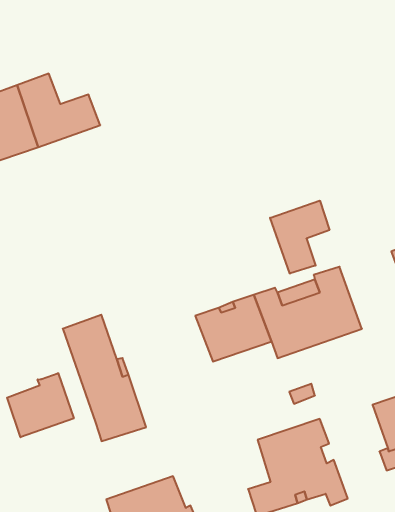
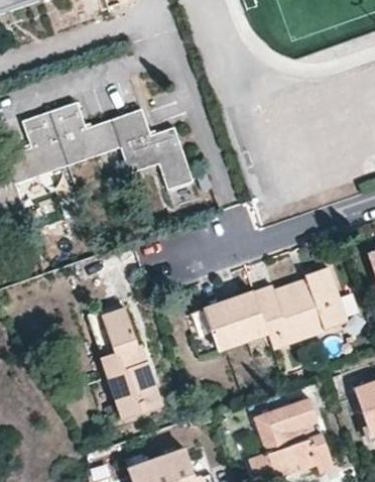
building: none -> [111,108,193,188]
building: [270,201,329,274] -> none
building: [7,373,74,437] -> none

